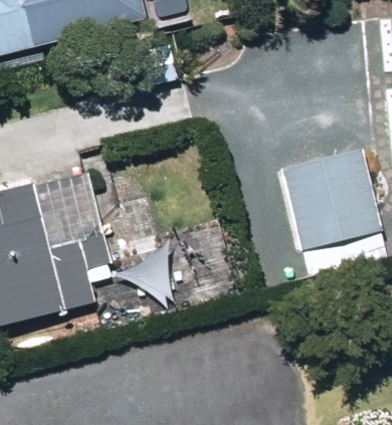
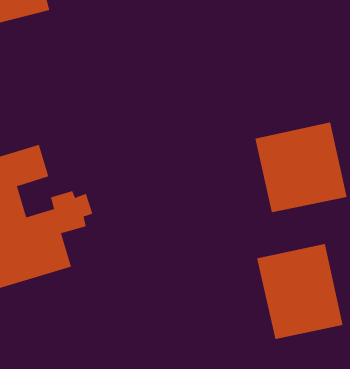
building: none -> [256,243,343,340]

